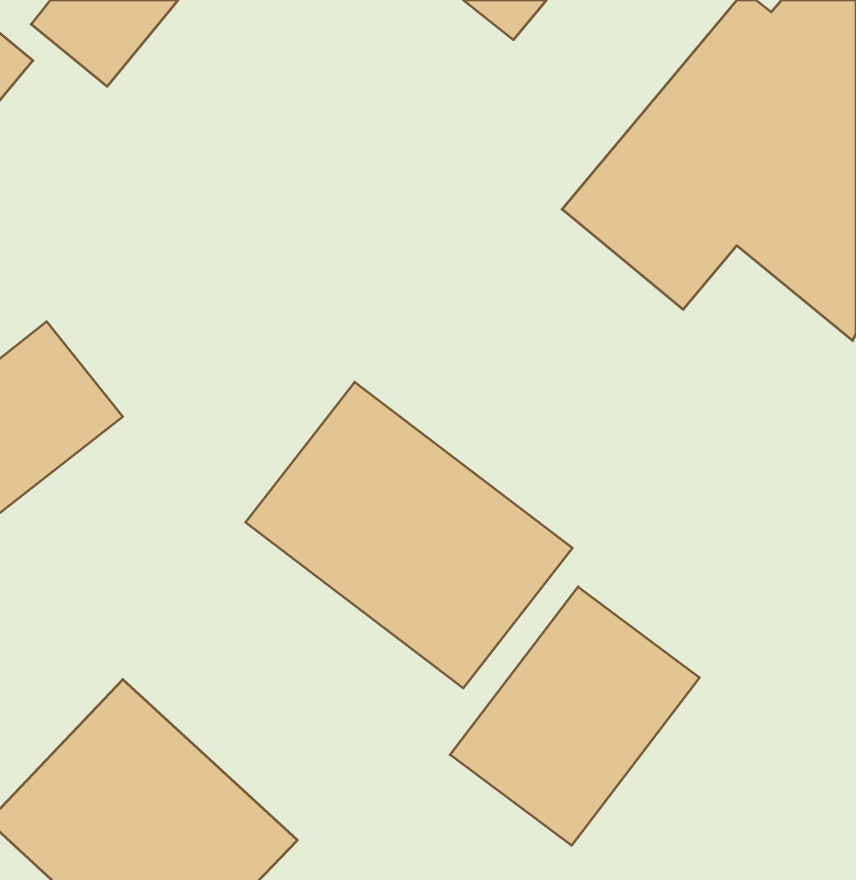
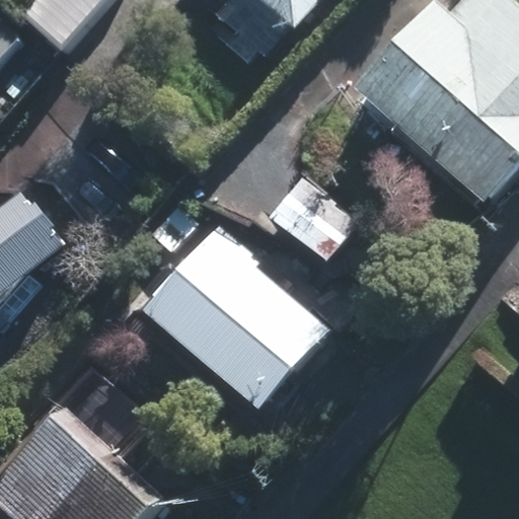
building: [450,587,699,845] -> none

